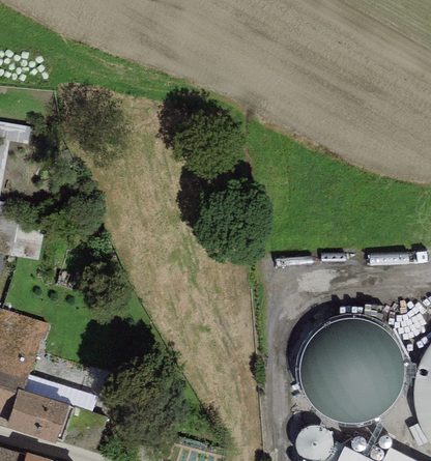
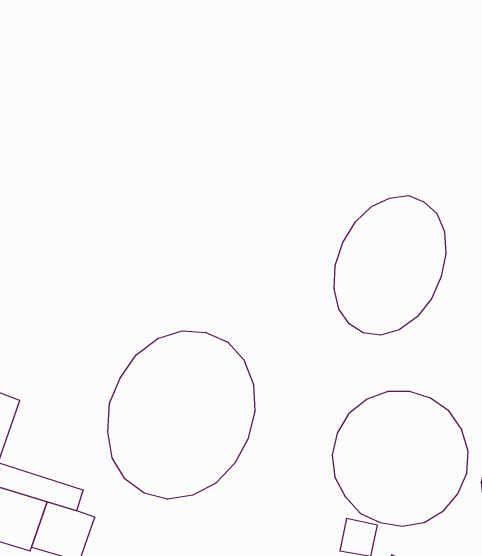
building: none -> [334,196,446,335]
building: none -> [108,331,255,499]

